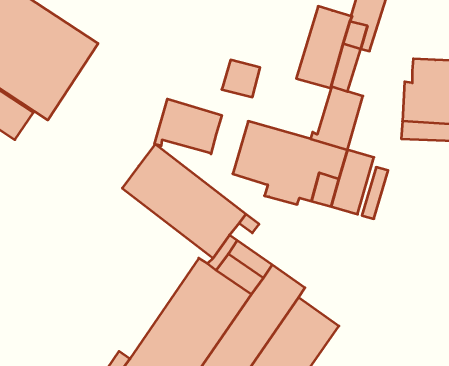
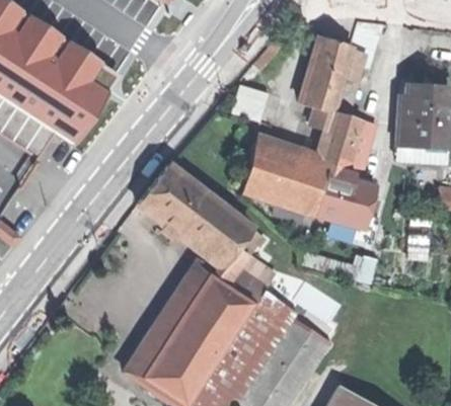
building: none -> [347,118,386,175]
building: [154,99,222,154] -> none

